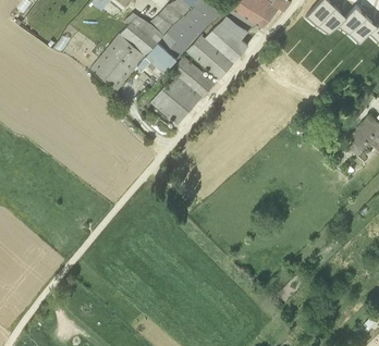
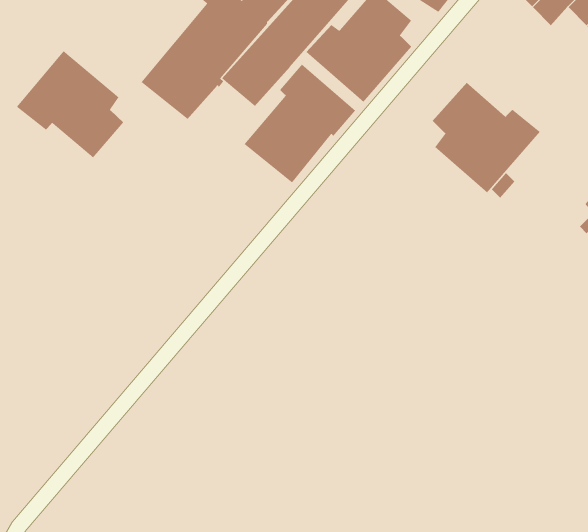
building: none -> [16,50,124,159]
building: none -> [432,82,541,194]

